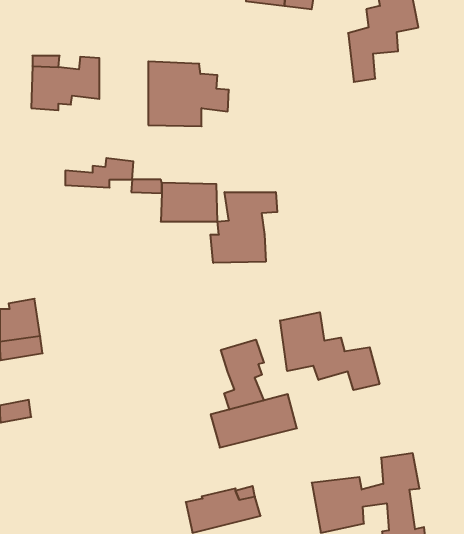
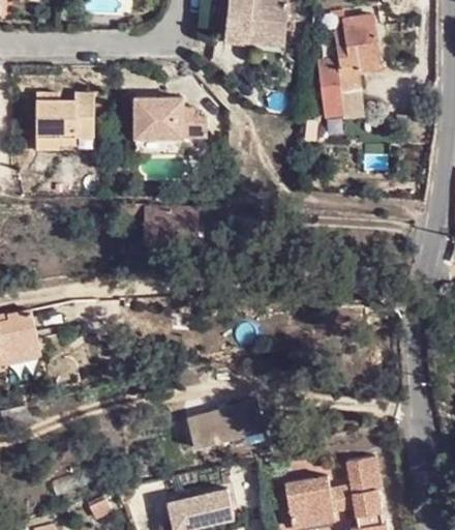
building: [65,158,133,188] -> [29,127,91,154]
building: [210,192,277,263] -> none
building: [280,312,379,390] -> none
building: [221,340,264,410] -> none

